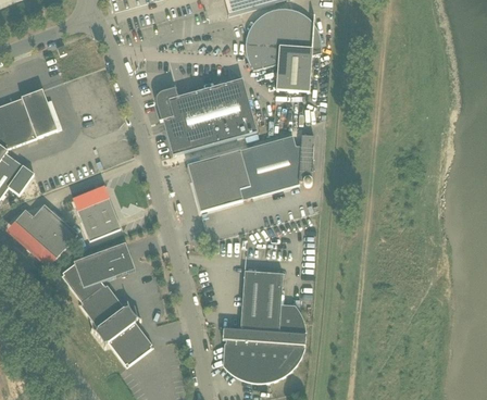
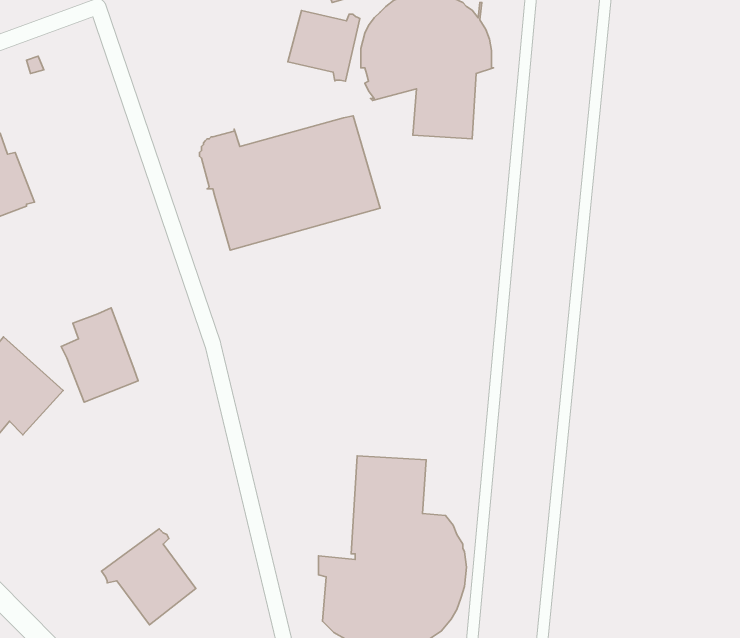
building: none -> [288,10,360,81]
building: [186,135,313,211] -> none
building: [60,242,134,336] -> none

